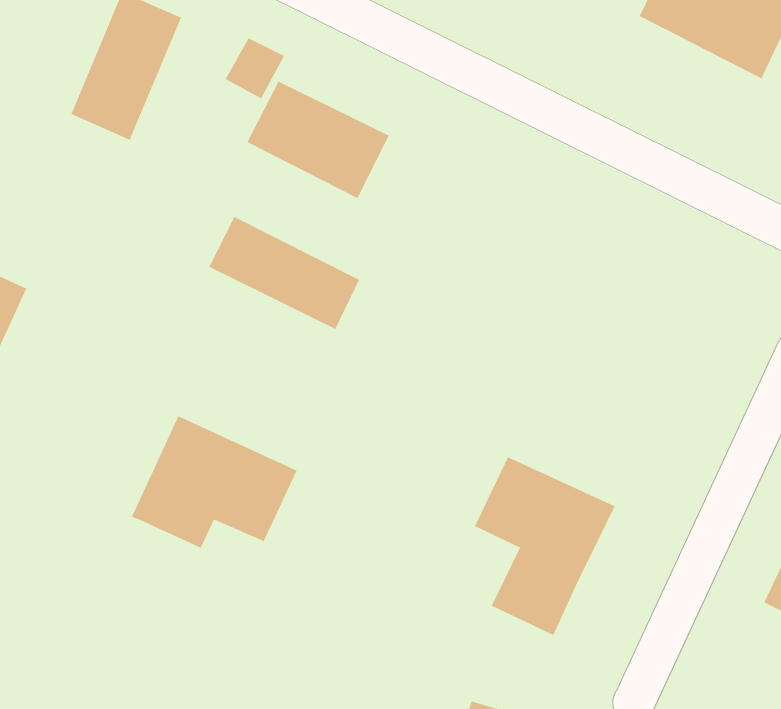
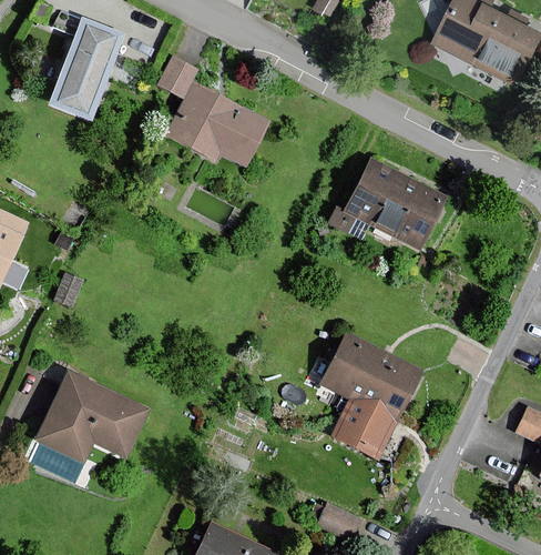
building: none -> [346,165,445,252]
building: [209,216,360,330] -> none
building: [131,416,297,549] -> [35,371,146,460]

